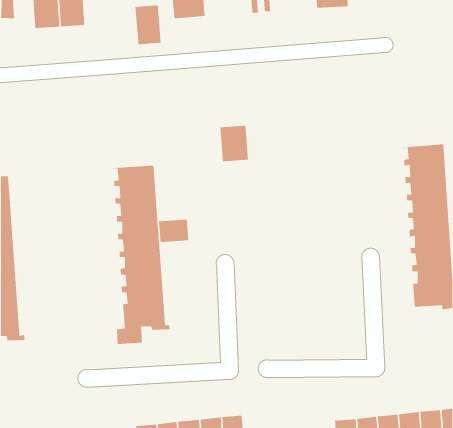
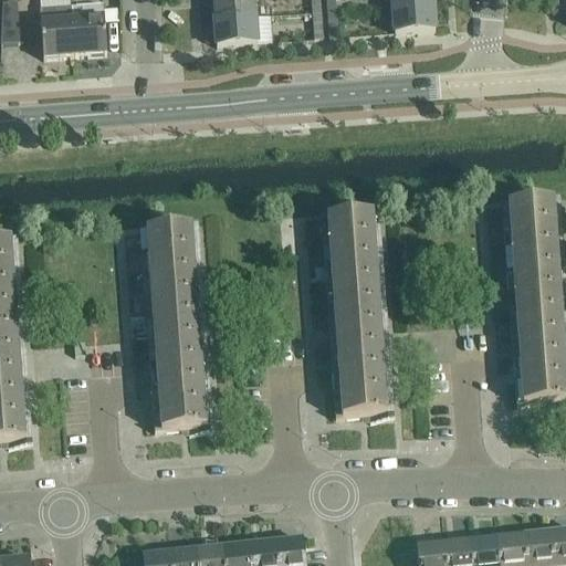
building: [135,5,162,45] -> none
building: [219,125,249,162] -> none
building: none -> [321,210,394,418]
building: [158,219,189,243] -> none

